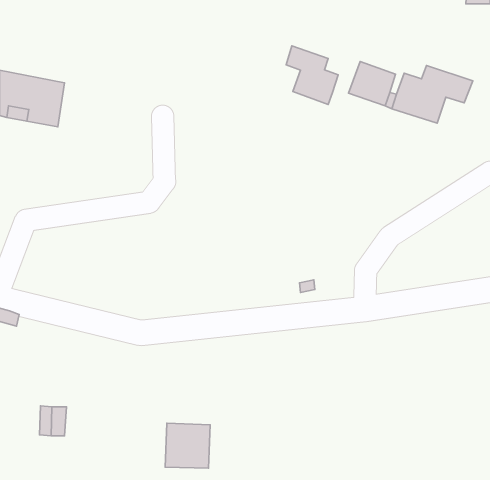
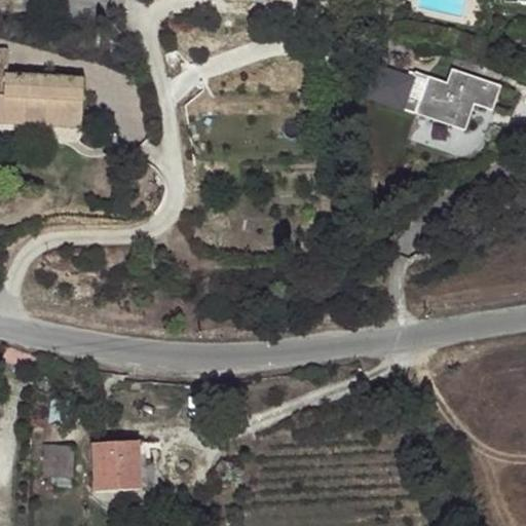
building: [286,46,338,105] -> none
building: [165,423,210,468] -> [89,431,138,480]

